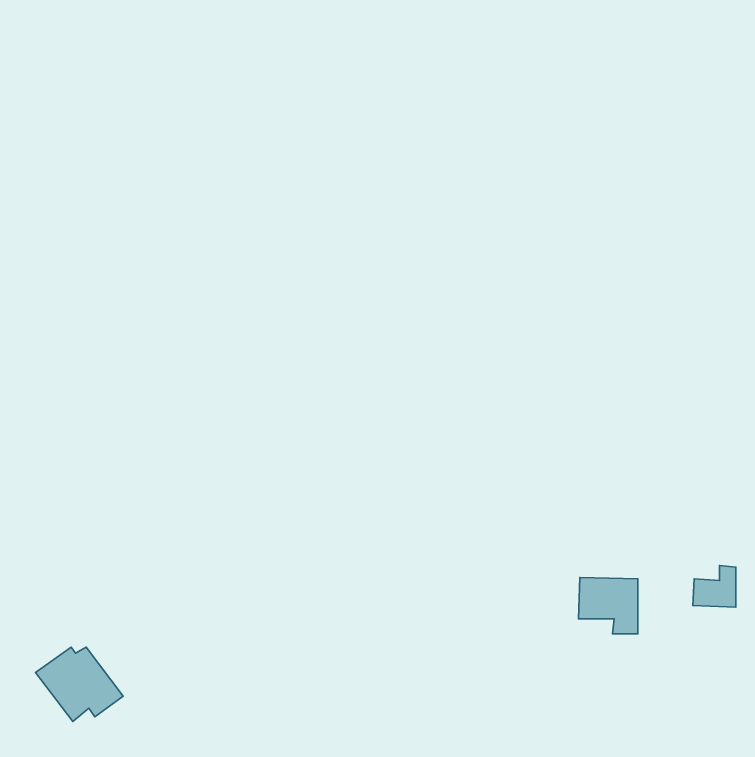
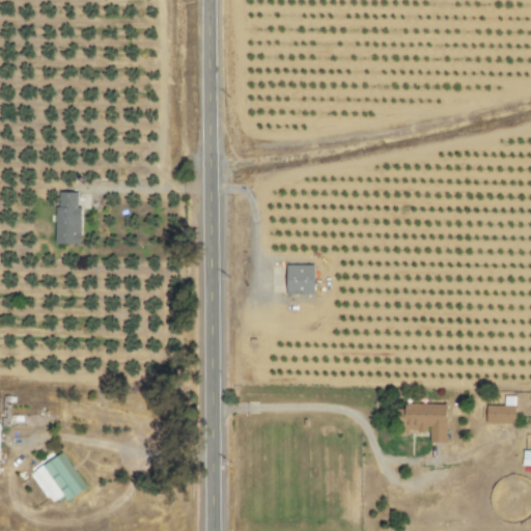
building: none -> [57,192,82,244]
building: none -> [287,263,316,294]

